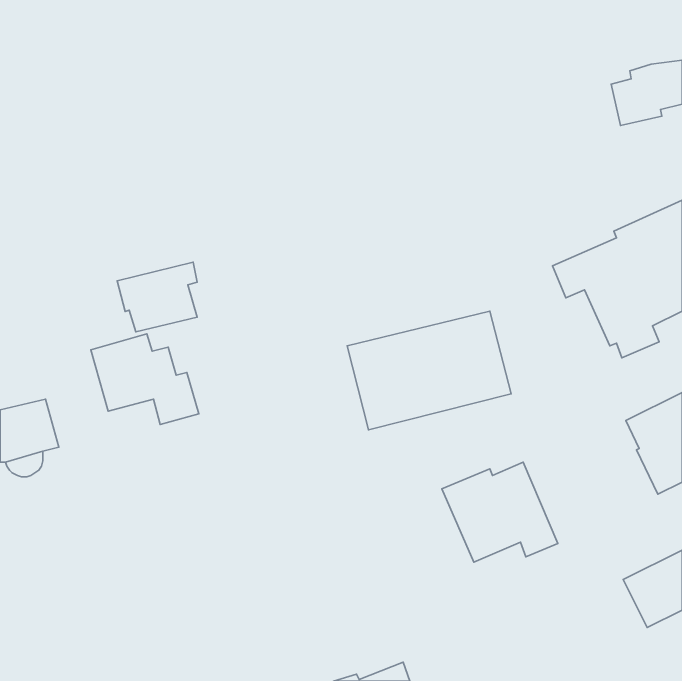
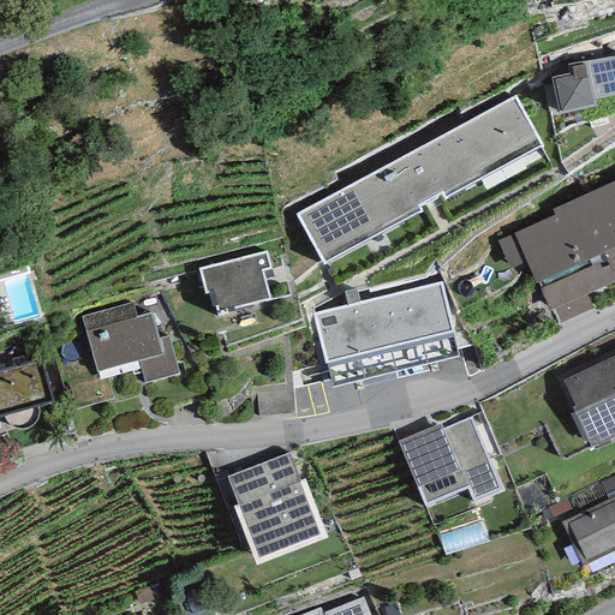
building: none -> [298,94,541,261]
building: [117,262,197,332] -> [198,250,270,312]
building: none -> [227,452,321,557]

